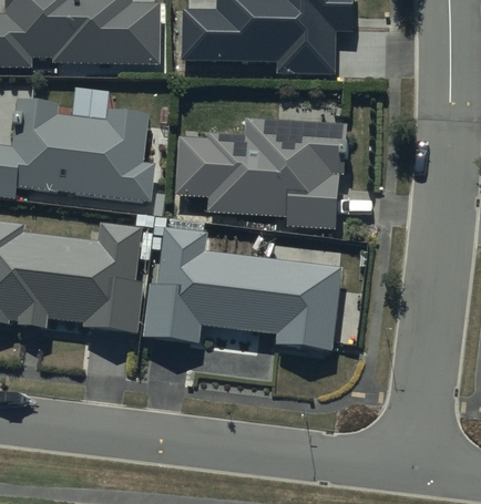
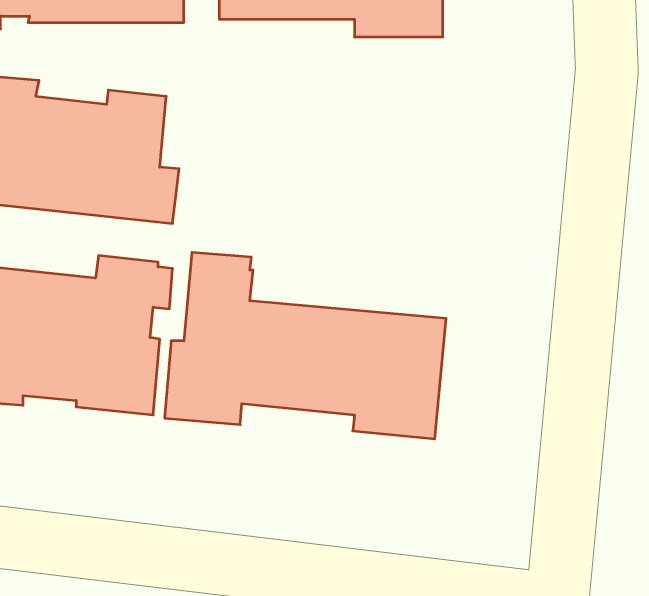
building: [175,117,348,228] -> none

